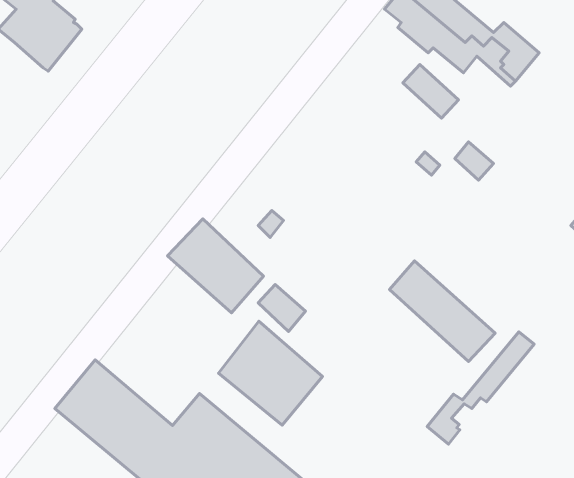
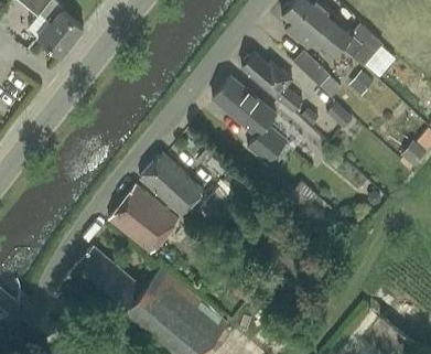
building: none -> [243,54,303,112]
building: none -> [213,77,287,167]
building: [218,321,323,425] -> [109,185,177,254]
building: [427,332,534,444] -> none

